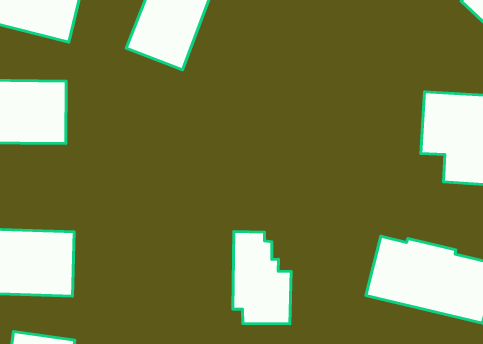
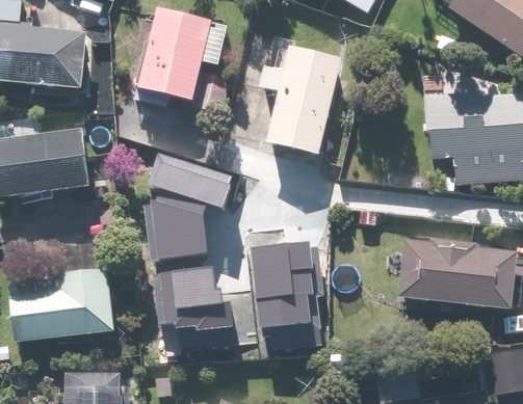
building: none -> [258,46,342,159]
building: none -> [152,149,232,252]
building: none -> [160,259,257,342]

